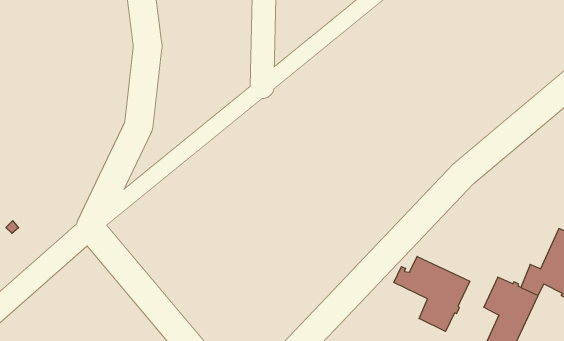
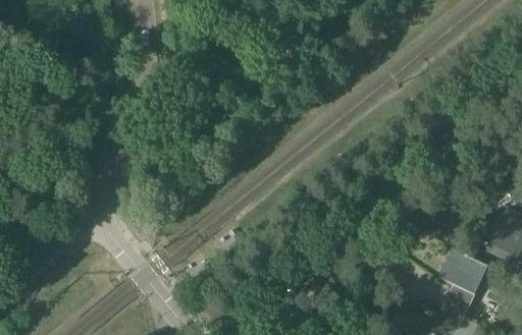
building: [394,256,470,331] -> none

